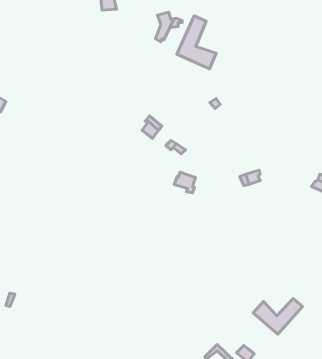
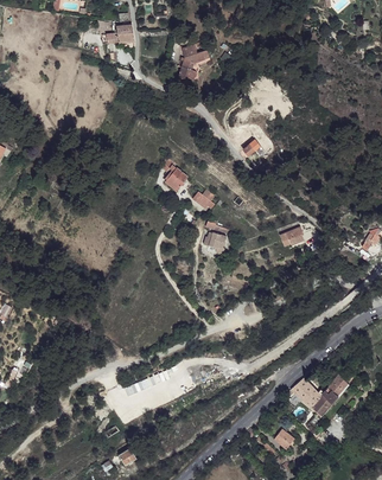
building: [177,16,216,69] -> none

